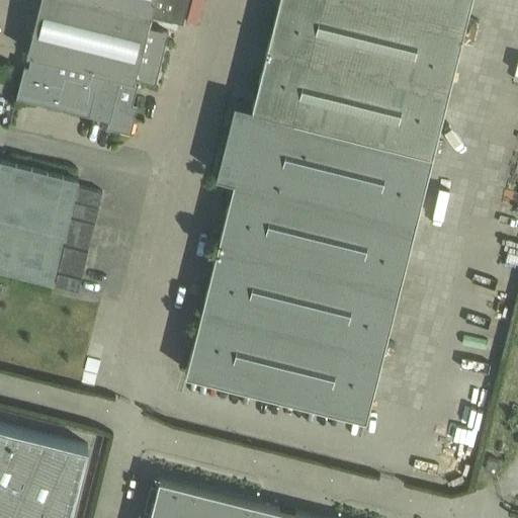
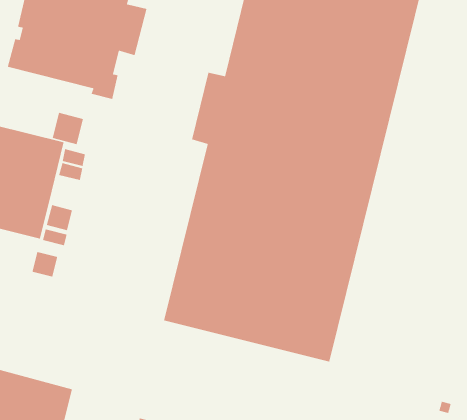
building: none -> [52,112,84,145]
building: [66,221,95,250] -> none
building: none -> [31,251,58,277]

